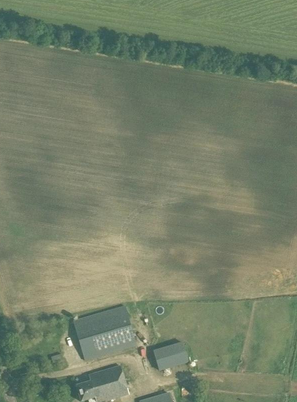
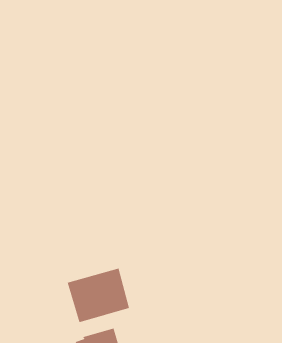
building: [152,341,189,371] -> none

